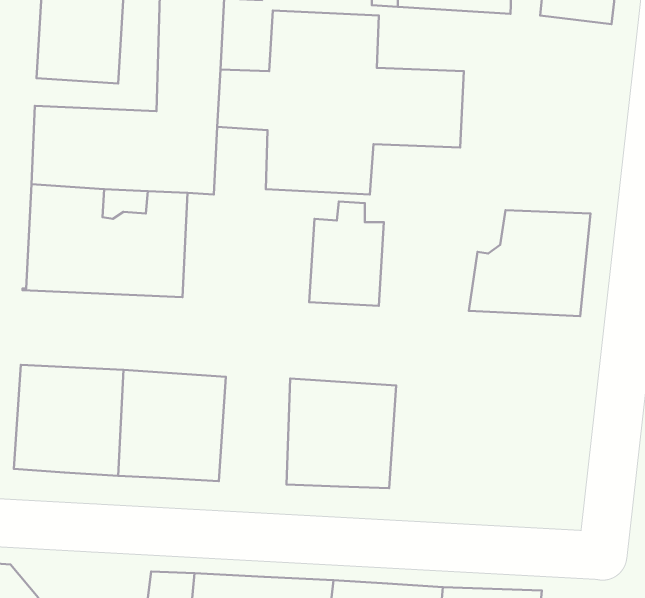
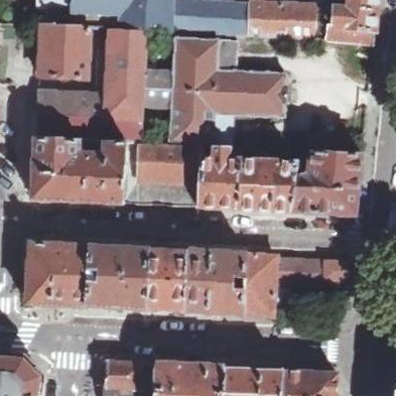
building: none -> [122,142,200,206]
building: none -> [236,159,295,211]
building: none -> [143,249,184,311]
building: none -> [242,254,348,314]

